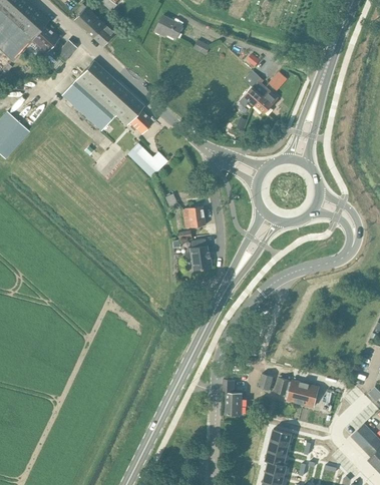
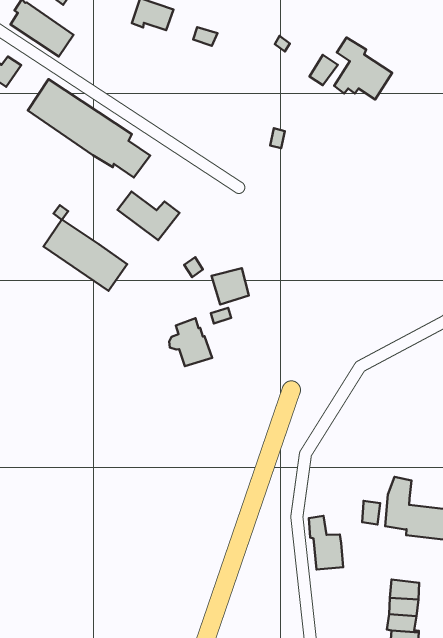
building: [238,70,278,114] -> [334,38,392,99]
building: [60,79,114,131] -> [43,220,127,291]
building: [184,238,212,270] -> [169,318,212,366]

